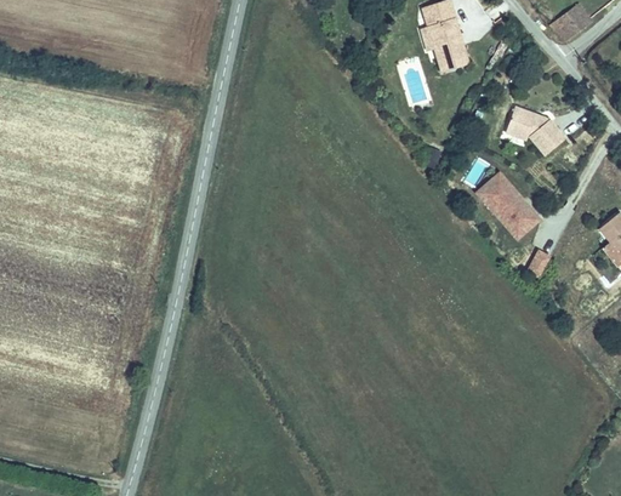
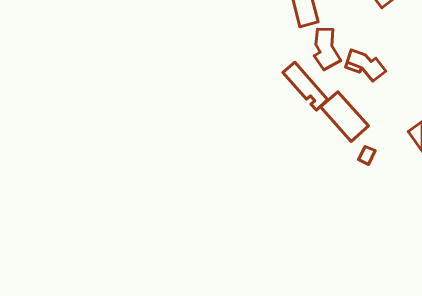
building: none -> [314,29,341,70]
building: none -> [283,62,328,110]

